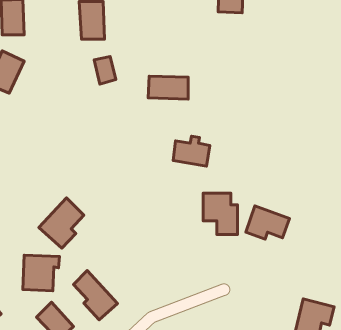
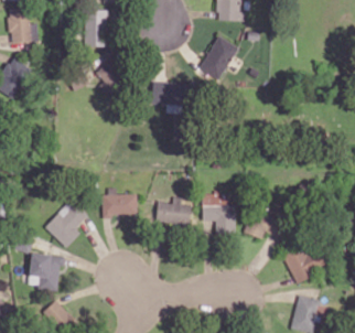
building: none -> [201,35,238,79]
building: [173,136,210,166] -> [157,196,192,225]
building: none -> [104,187,138,216]
building: none -> [282,244,325,282]
building: [73,270,117,320] -> none

